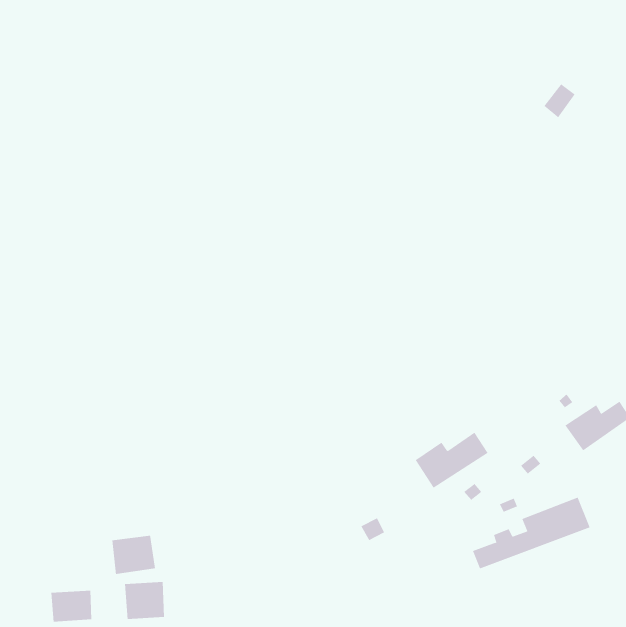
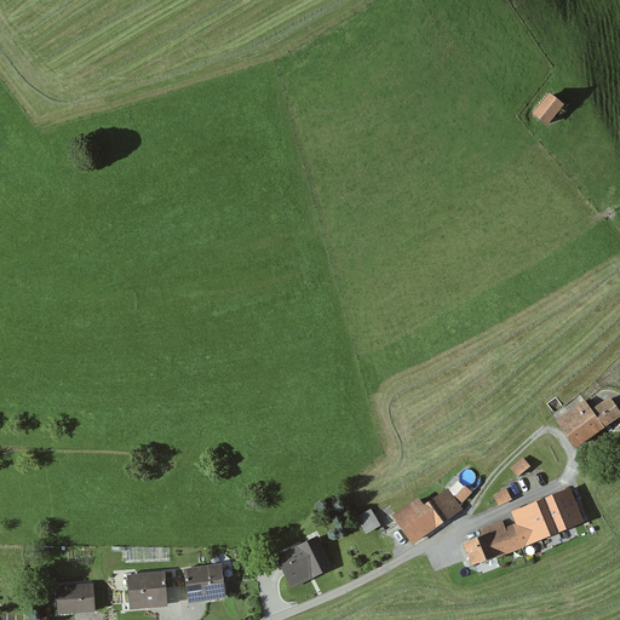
building: [415,432,489,488] -> [390,488,463,544]
building: [111,535,156,575] -> [182,566,225,604]
building: none -> [275,538,332,586]

